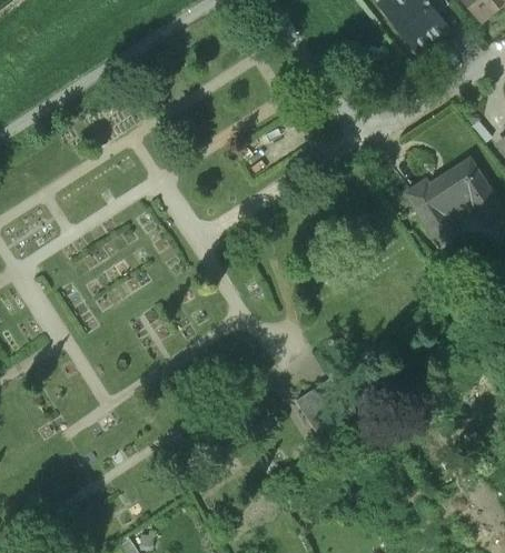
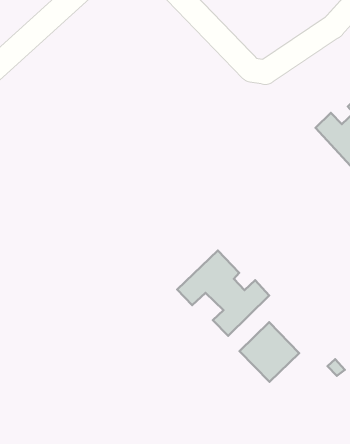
building: none -> [177,250,269,336]

